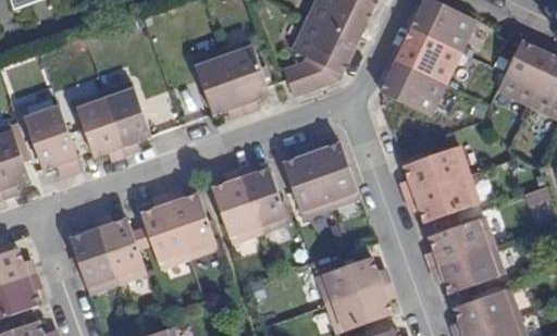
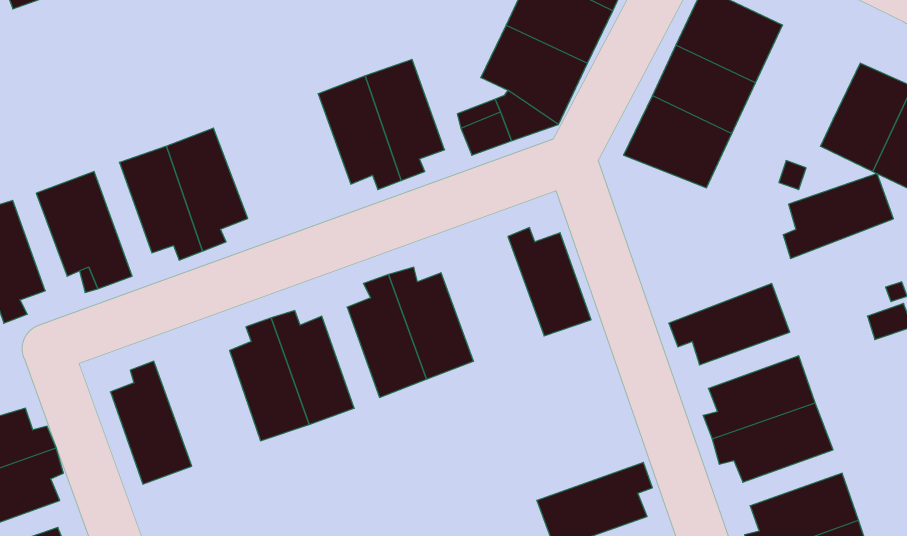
building: [283,146,331,216] -> none
building: [401,147,468,198] -> [783,174,893,258]
building: [96,215,148,284] -> none
building: [315,256,391,304] -> none

